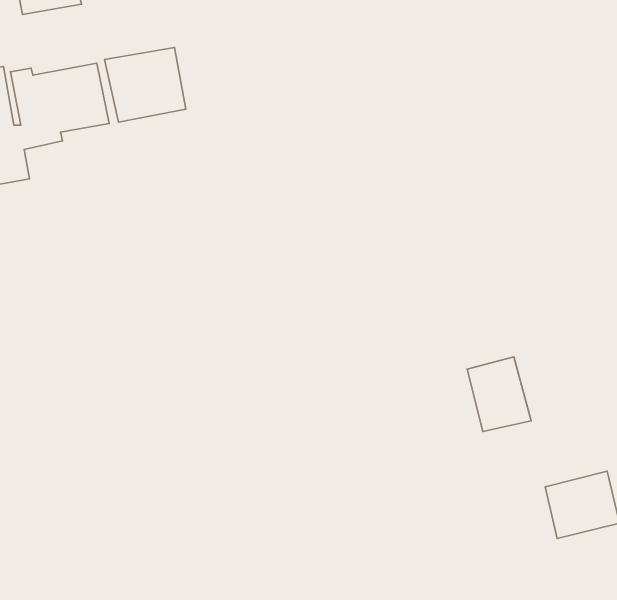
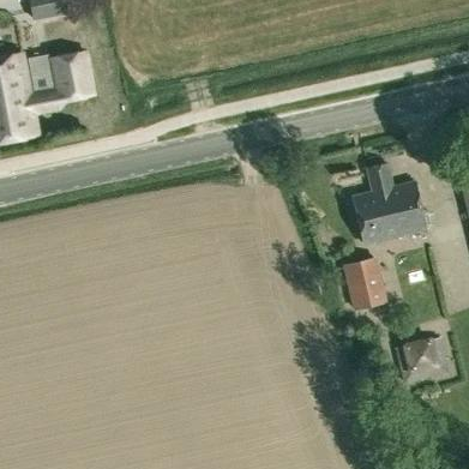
building: [105,48,186,122] -> none
building: none -> [355,163,427,242]

